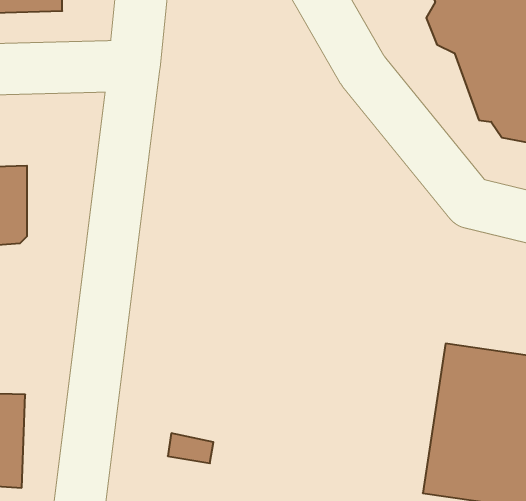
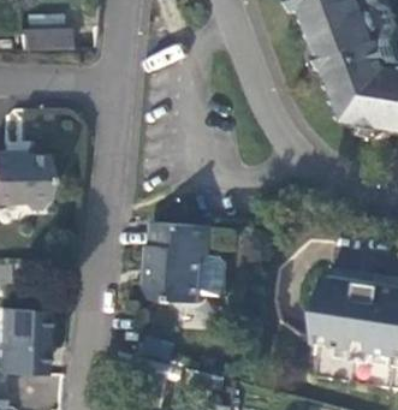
building: none -> [150,222,215,302]

